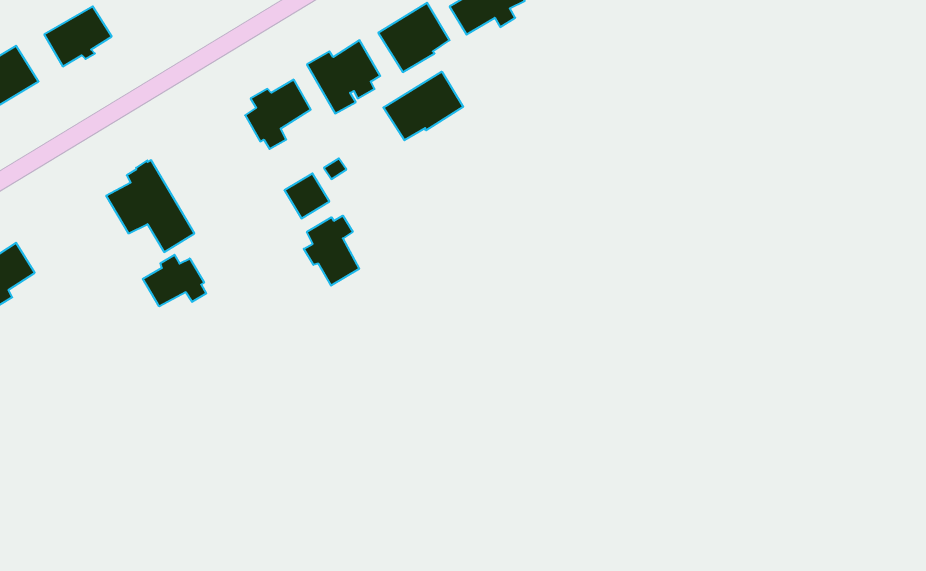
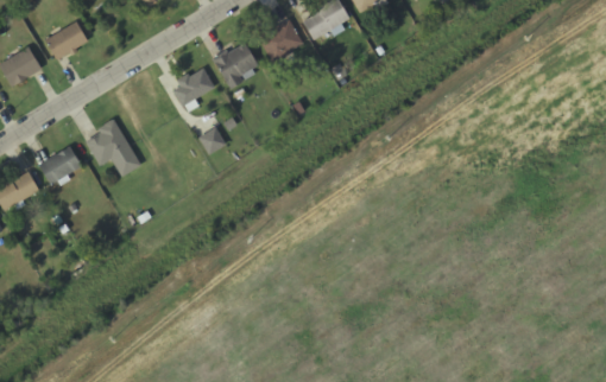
building: [383,72,463,140] -> none
building: none -> [39,146,82,185]
building: [304,216,359,286] -> none
building: [143,255,206,306] -> none

